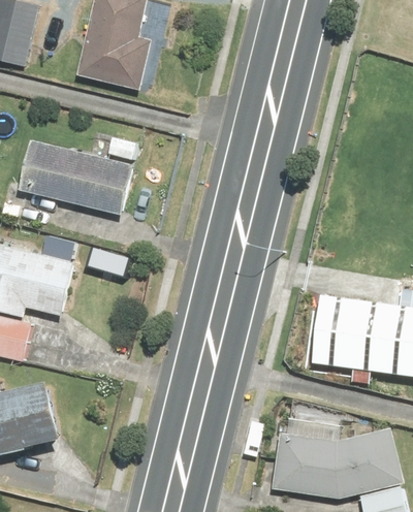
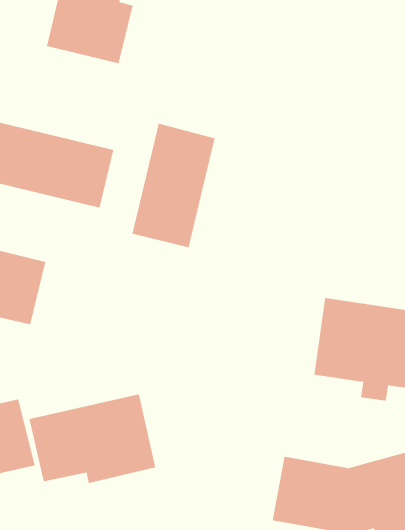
building: none -> [132,123,215,248]
building: none -> [29,394,156,484]

